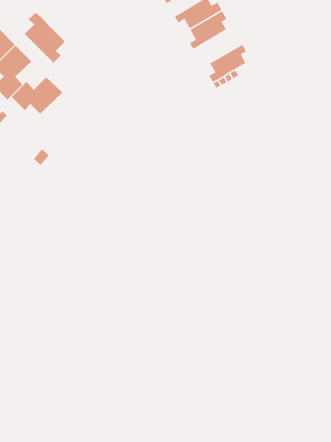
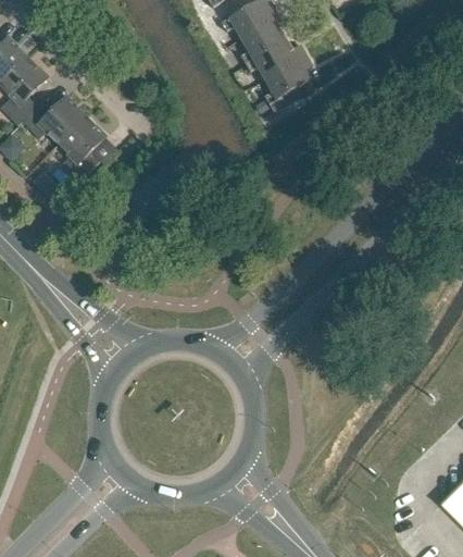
building: [24,12,65,64] -> none
building: none -> [245,37,305,78]
building: none -> [57,114,104,177]

